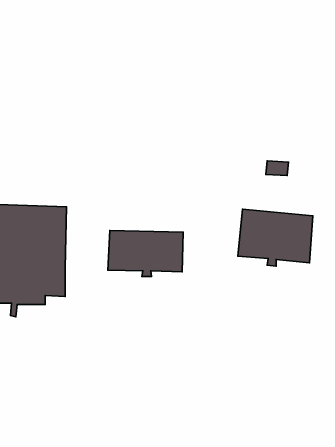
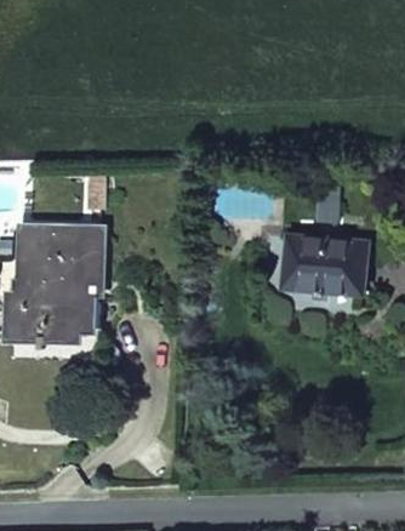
building: [108,231,183,277] -> none

